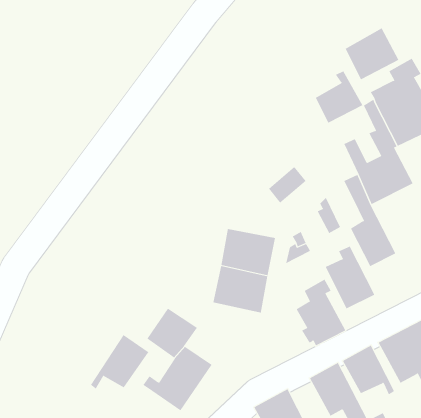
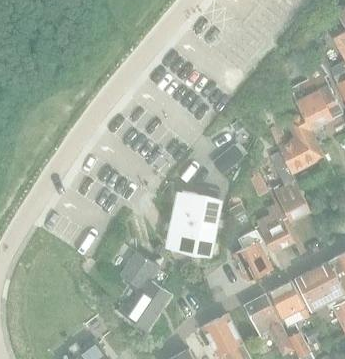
building: [345,28,399,80] -> none
building: [315,71,363,124] -> none
building: [90,334,149,390] -> none

